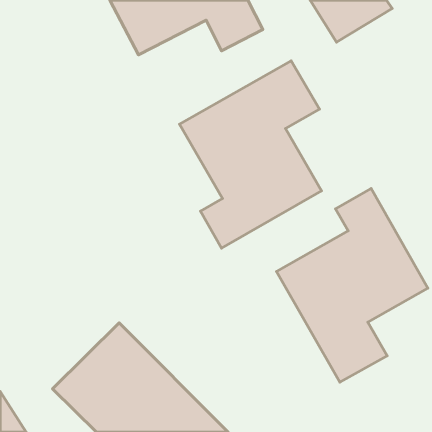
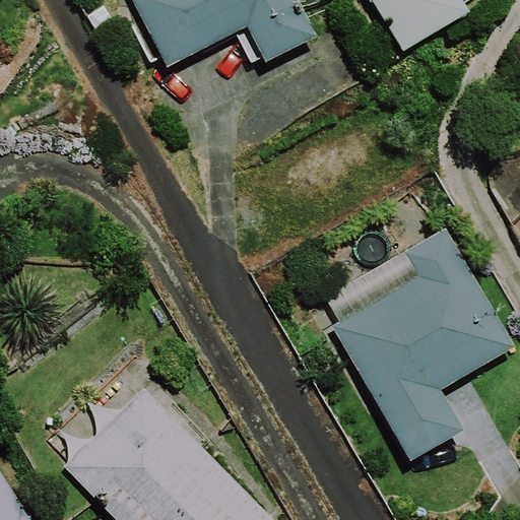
building: [180,61,321,248] -> none

